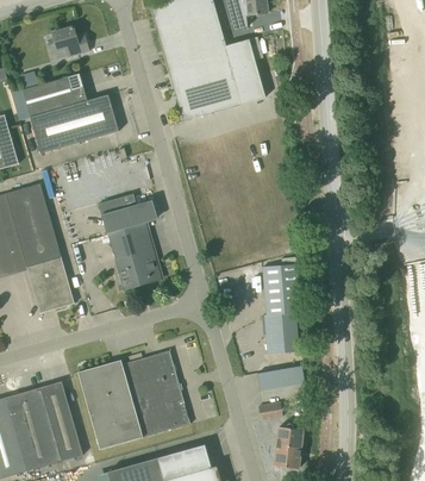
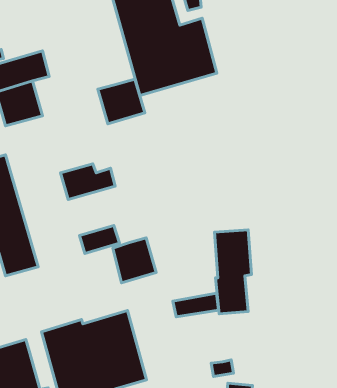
building: [51,27,88,57] -> none
building: [68,95,118,143] -> [98,79,145,124]
building: [108,223,155,270] -> [113,238,156,283]
building: [255,366,304,391] -> [173,293,219,317]

